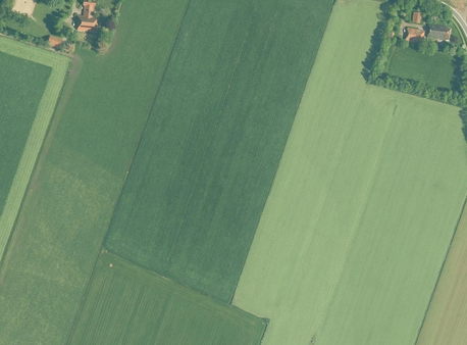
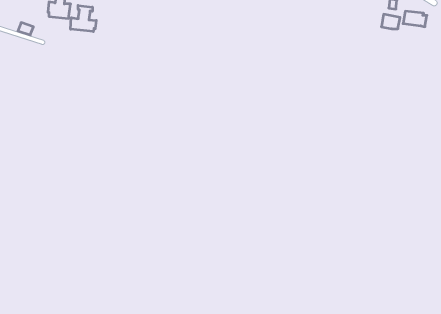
building: none -> [71,5,96,32]

